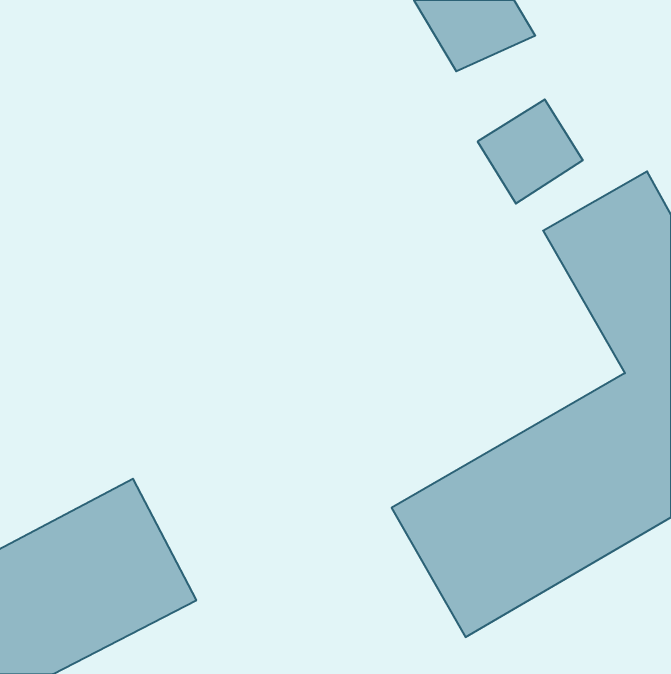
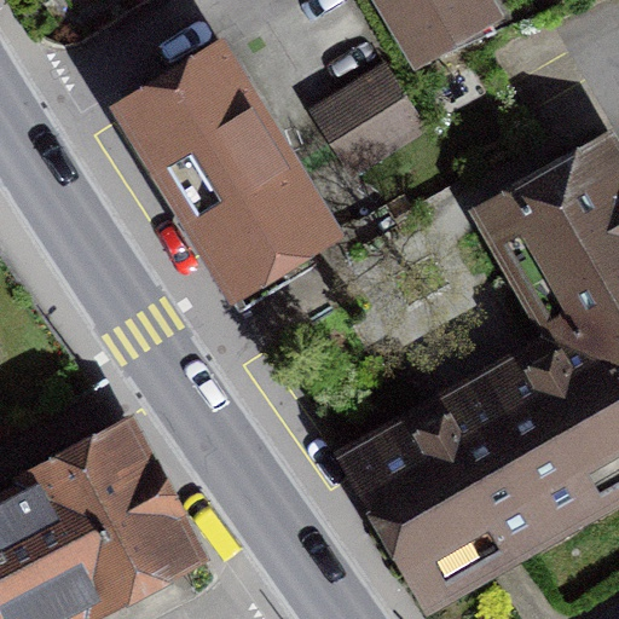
building: none -> [123,53,324,285]
building: [478,99,583,204] -> [319,71,416,167]

